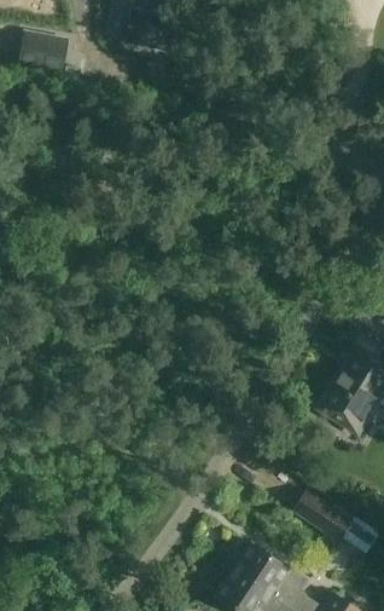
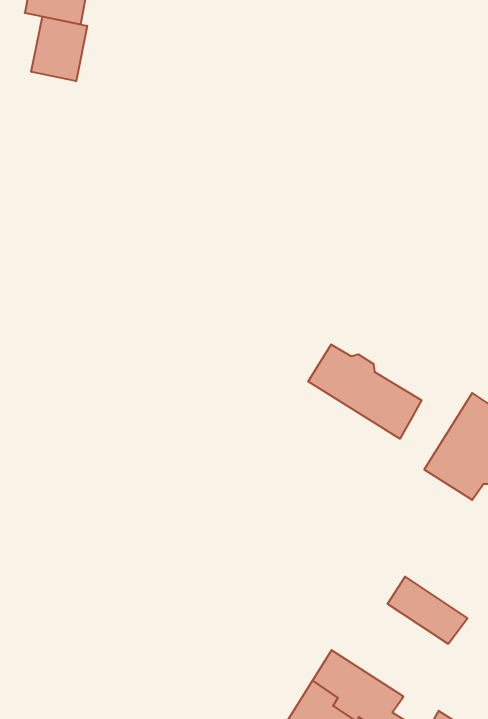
building: none -> [31,16,87,81]
building: none -> [308,344,422,439]

